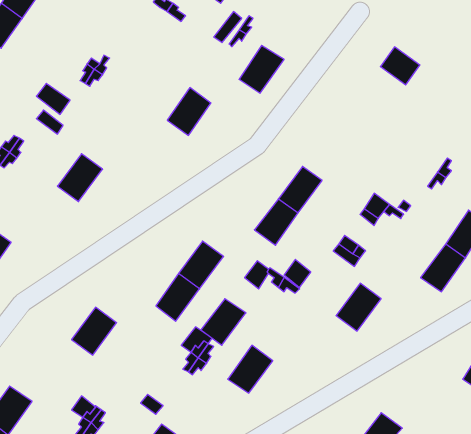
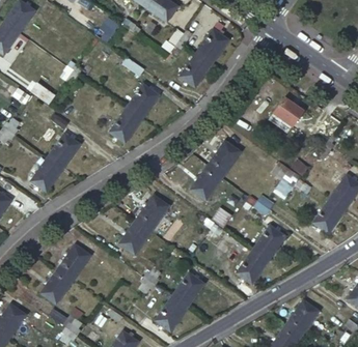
building: none -> [196,29,229,63]
building: [380,47,420,85] -> [274,98,303,126]
building: none -> [110,108,142,142]
building: none -> [29,156,61,192]
building: [201,299,246,345] -> [154,298,187,332]
building: none -> [235,252,267,286]
building: none -> [39,269,72,305]
building: none -> [284,299,316,335]

